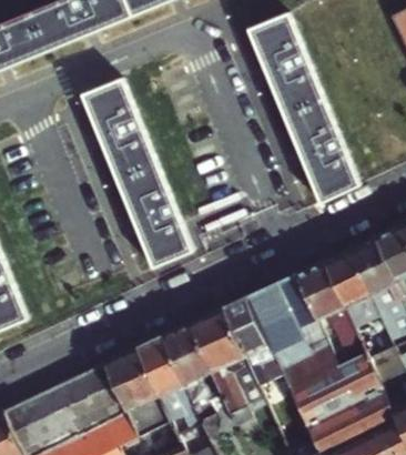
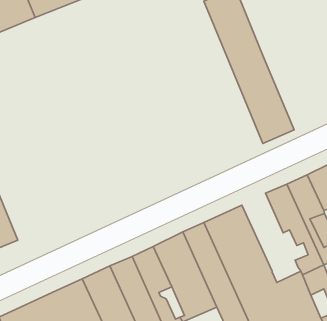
building: [83,77,189,264] -> none
building: [293,261,361,356] -> none

